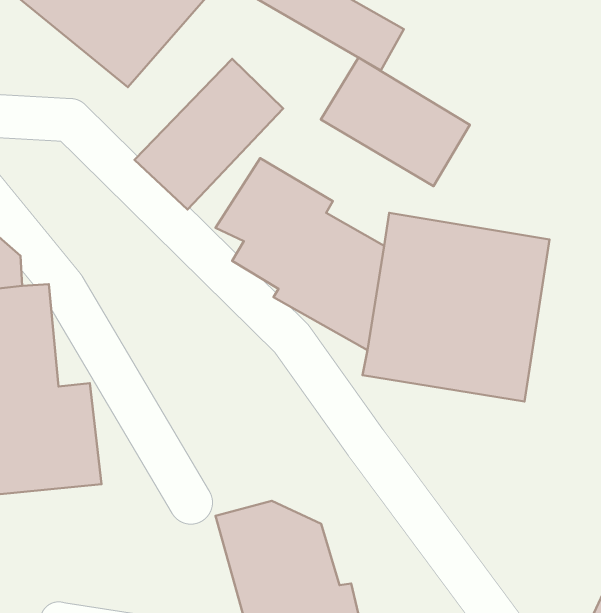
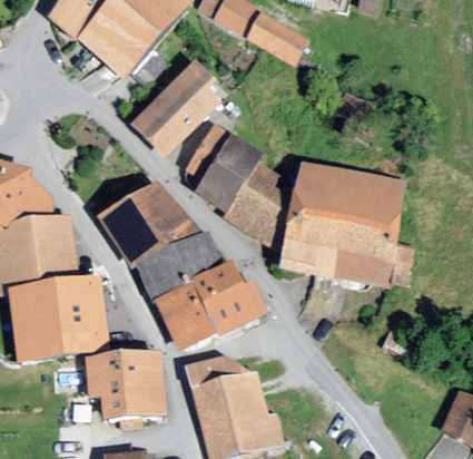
building: [321,58,470,186] -> none
building: none -> [98,182,265,349]
building: none -> [85,352,164,419]

